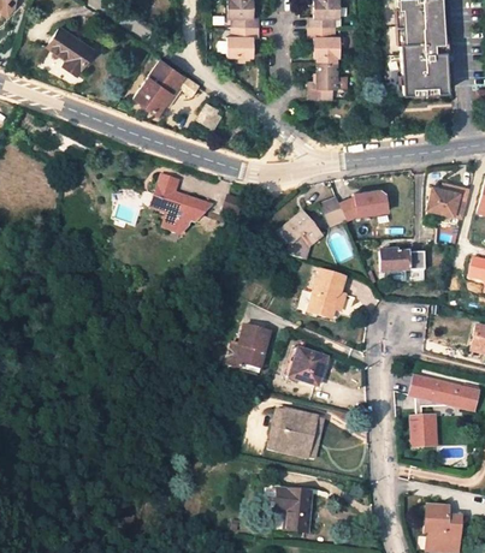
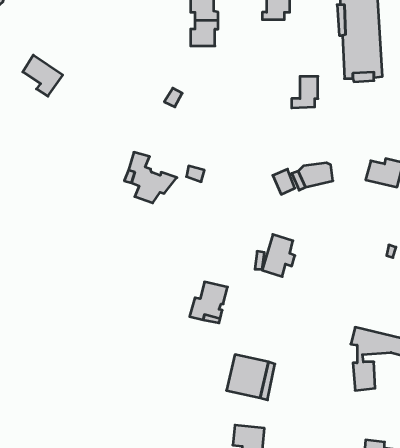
building: [309,25,341,57] -> none
building: [48,26,94,73] -> [23,55,63,96]
building: [132,58,200,114] -> none
building: [308,63,338,99] -> [292,76,318,108]
building: [279,212,323,260] -> none
building: [380,251,426,270] -> none
building: [284,346,326,386] -> none

